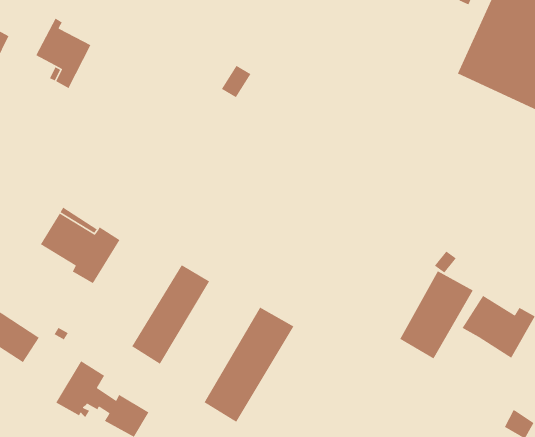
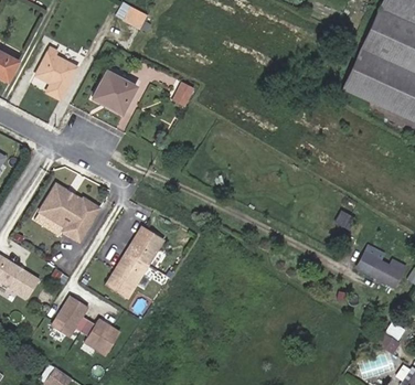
building: none -> [92,71,137,114]
building: [399,270,474,360] -> none
building: [203,307,294,423] -> none

